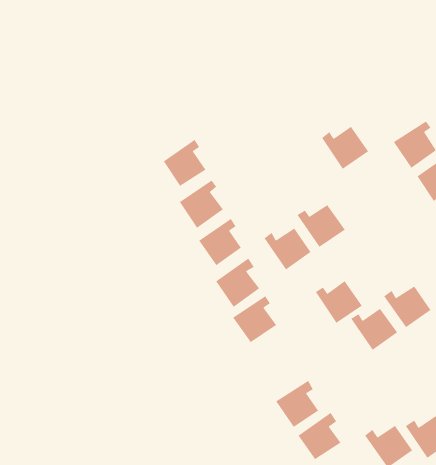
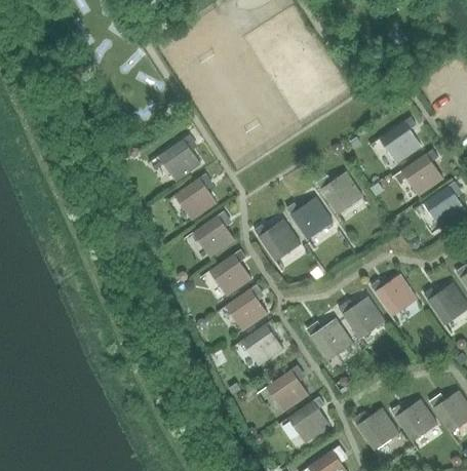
building: [321,126,369,170] -> [317,171,363,213]
building: [315,280,363,324] -> [306,318,352,360]
building: none -> [241,319,283,365]

